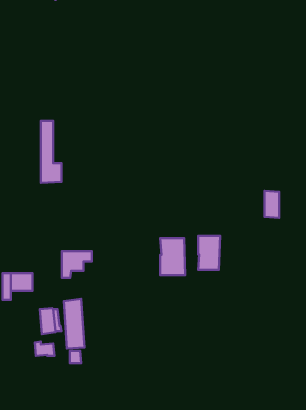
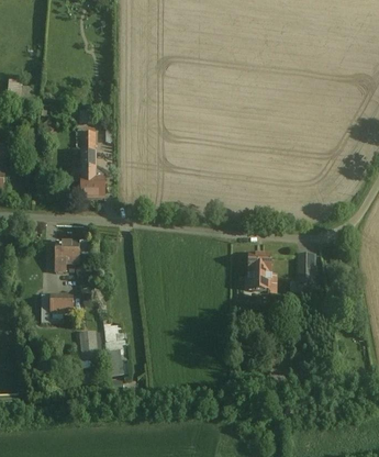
building: [265,191,279,218] -> [298,254,313,282]
building: [160,238,185,275] -> none
building: [62,251,92,278] -> [56,243,88,271]

